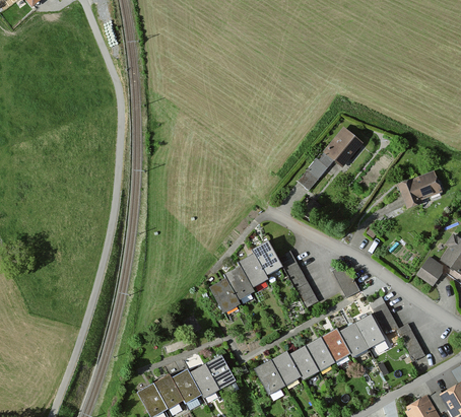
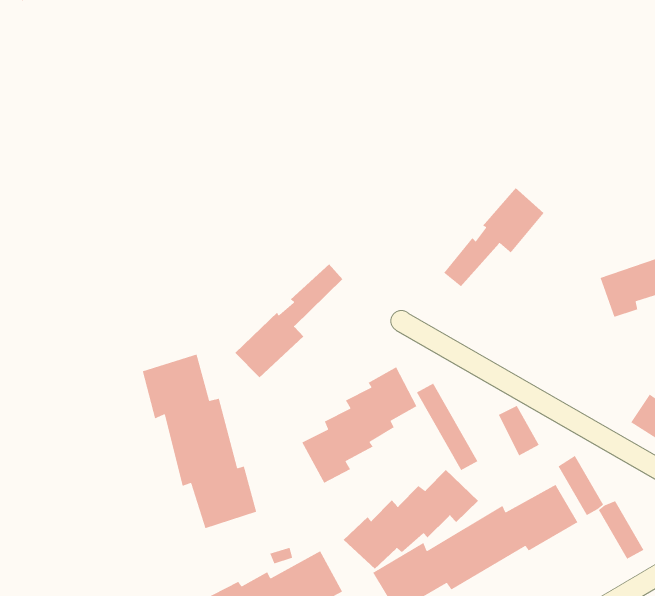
building: none -> [234,263,343,378]
building: none -> [142,353,257,529]
building: none -> [343,469,479,569]

